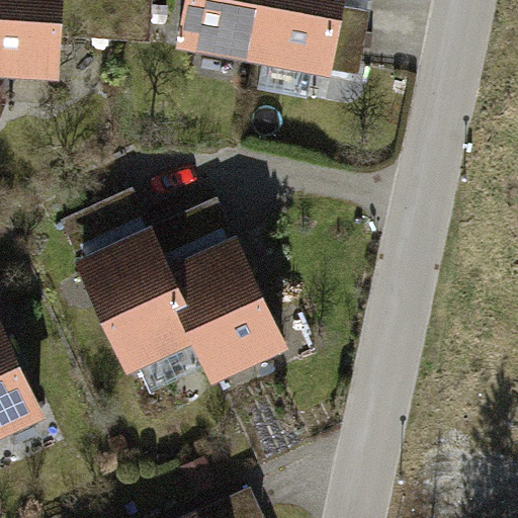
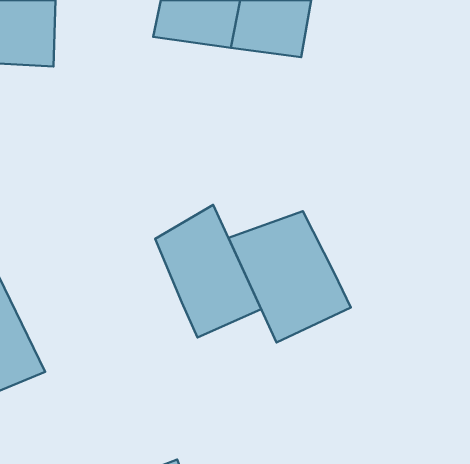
building: [70,224,199,372] -> none
building: none -> [229,211,351,342]

